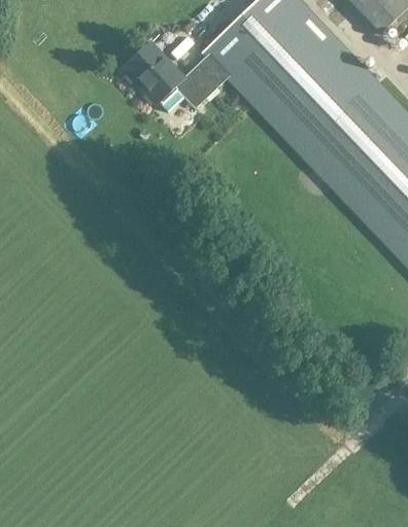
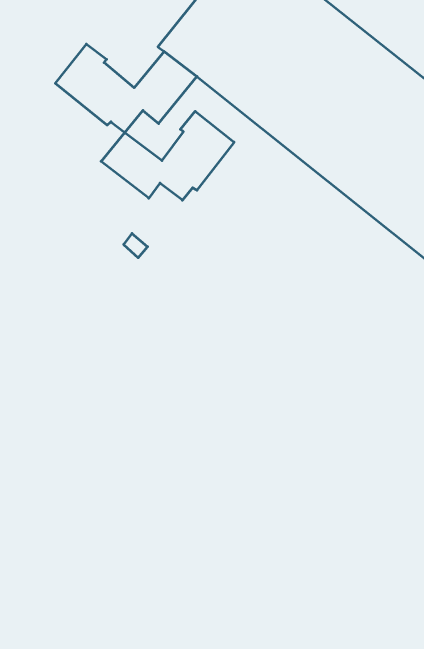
building: none -> [101,111,234,200]

